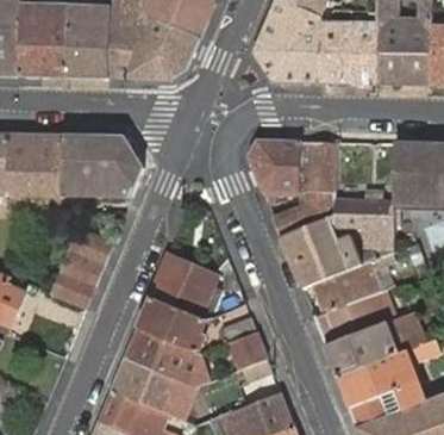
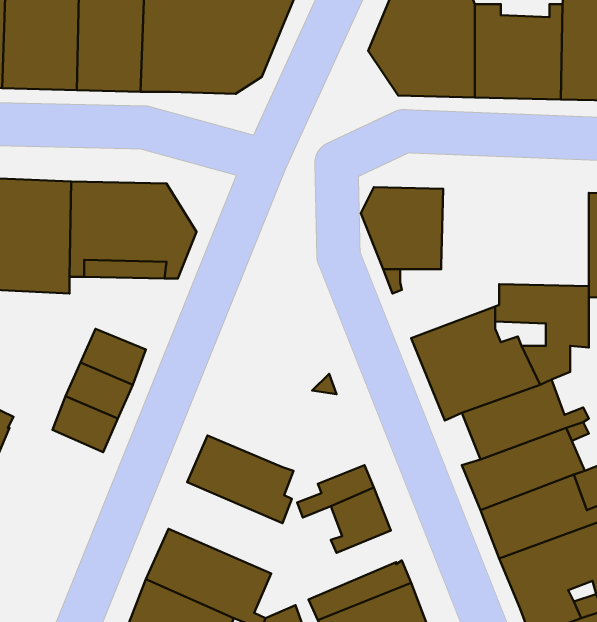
building: [274,141,337,236] -> none
building: [151,255,217,318] -> none
building: [126,328,200,387] -> none

